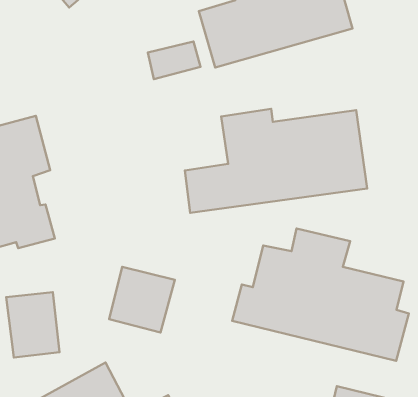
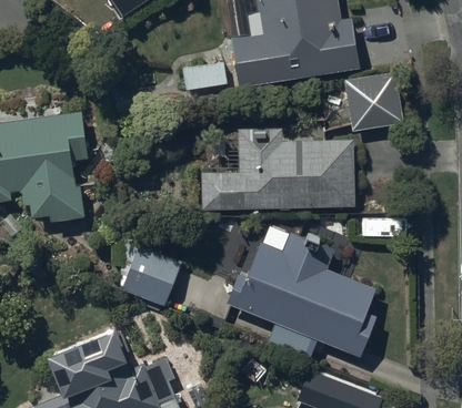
building: none -> [343,72,401,132]
building: [6,292,59,358] -> none

